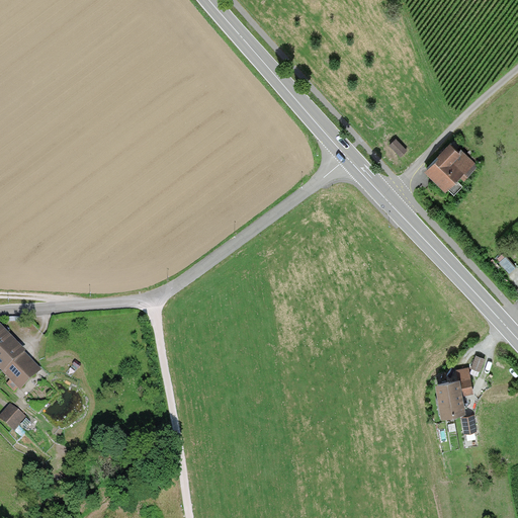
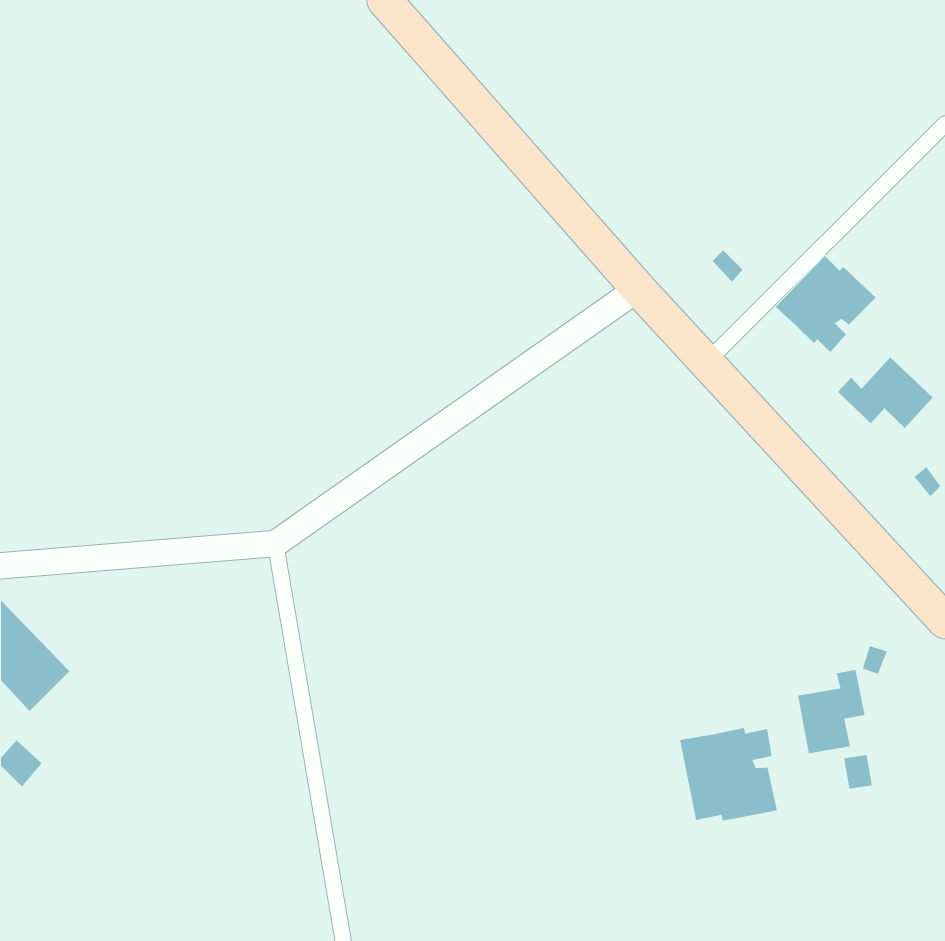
building: none -> [837,357,933,429]
building: none -> [679,727,778,821]

